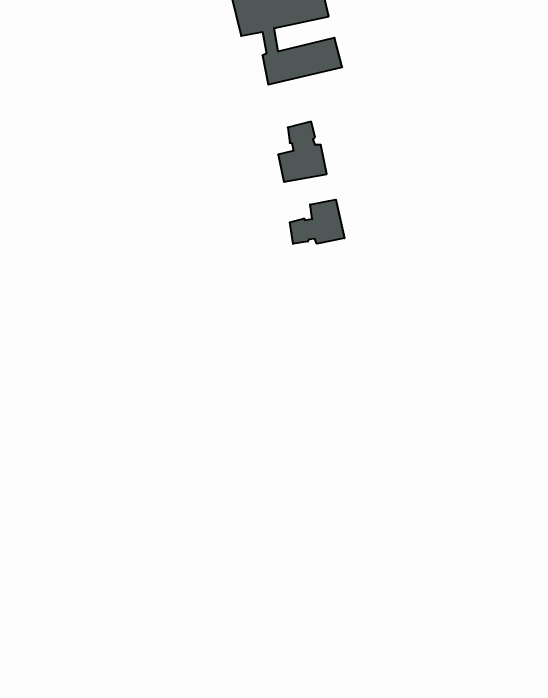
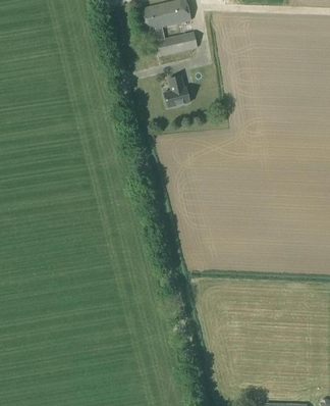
building: [290,200,344,244] -> none

